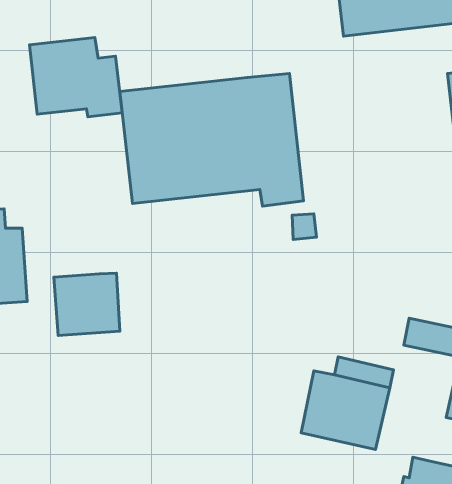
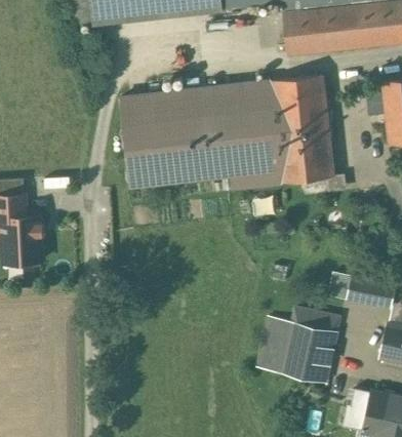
building: [30,37,122,117] -> none
building: none -> [255,76,333,185]
building: [54,273,120,336] -> none

